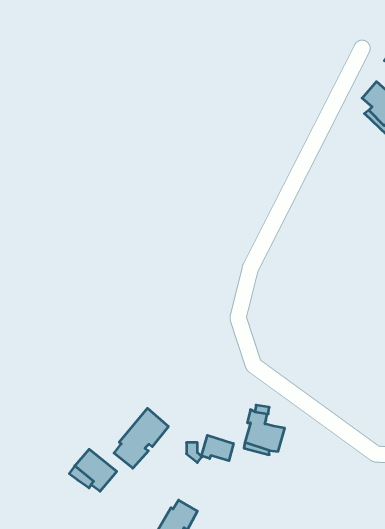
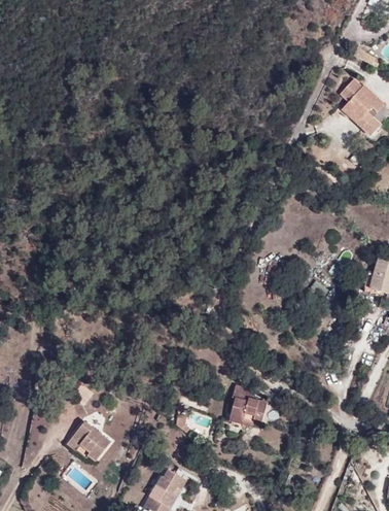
building: [114,408,168,468] -> none
building: [201,435,233,461] -> none

